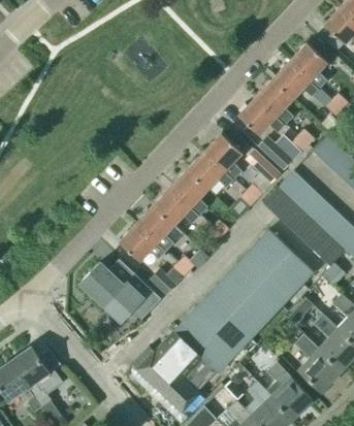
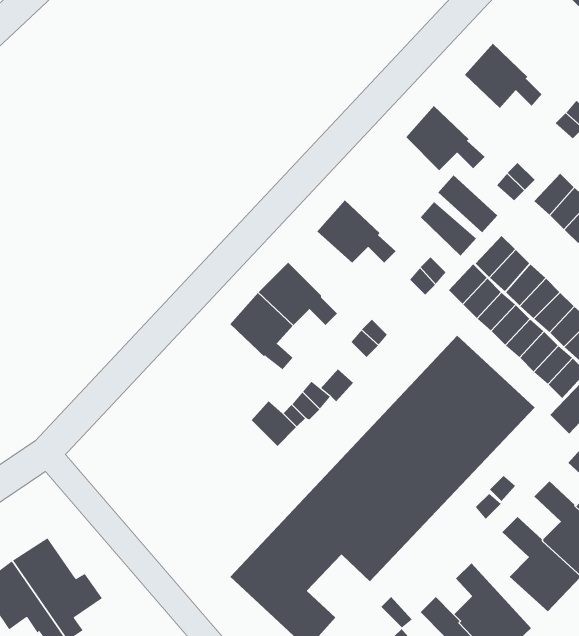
building: [289,43,327,89] -> none
building: [255,79,293,125] -> none
building: [203,133,242,179] -> none
building: [170,170,207,216] -> none
building: [119,224,165,262] -> none
building: [81,263,162,322] -> none

